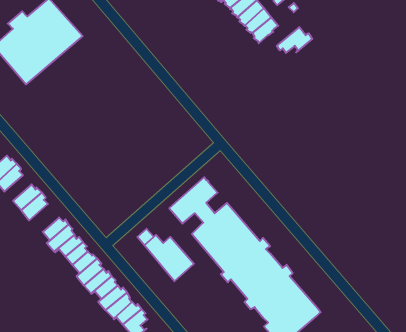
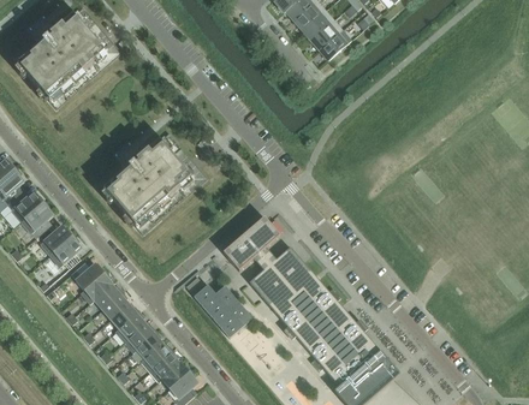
building: [277,27,312,53] -> none
building: none -> [102,131,207,233]

